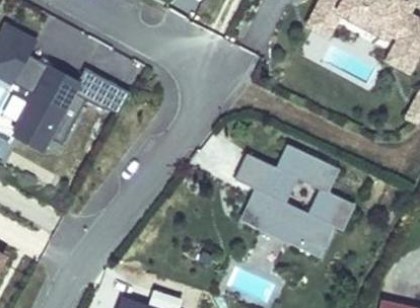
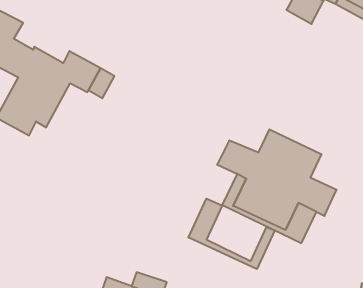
building: none -> [188,199,275,269]

